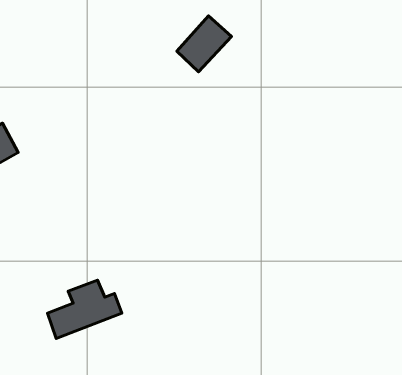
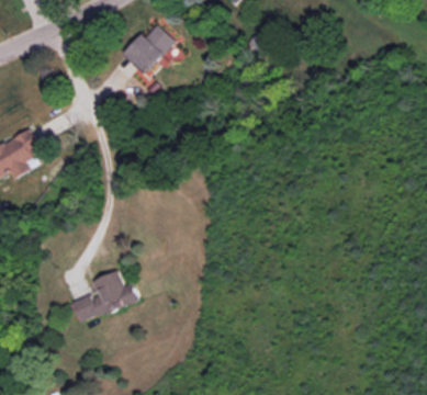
building: [177,16,231,72] -> [125,23,175,74]

